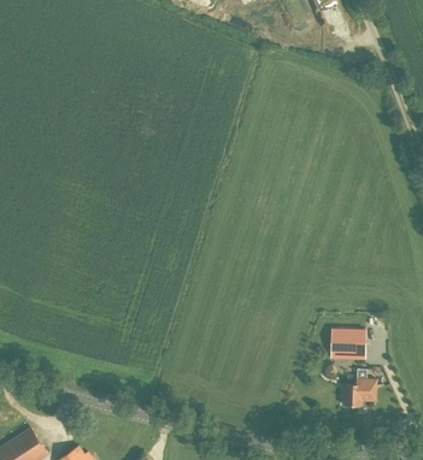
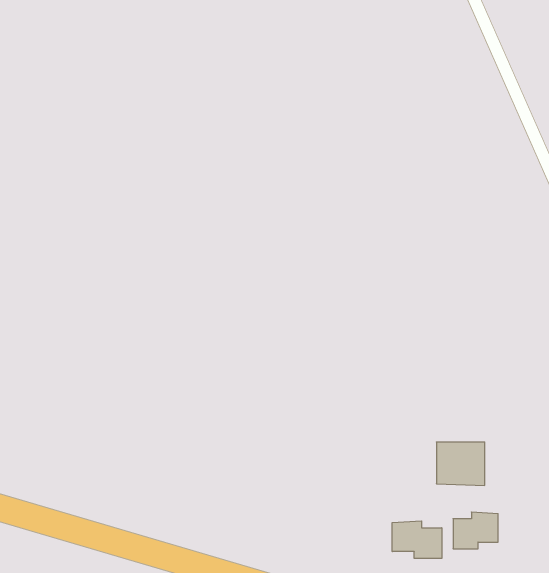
building: none -> [392,521,442,558]

